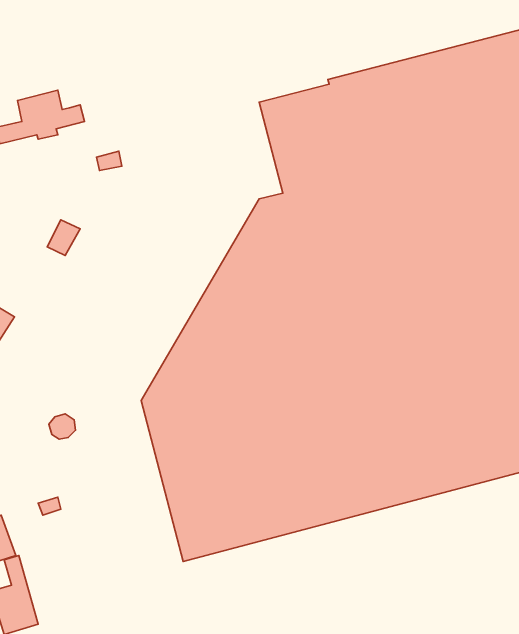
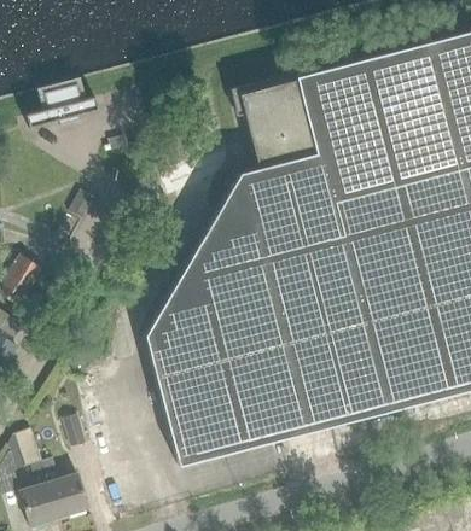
building: none -> [48,459,93,517]

